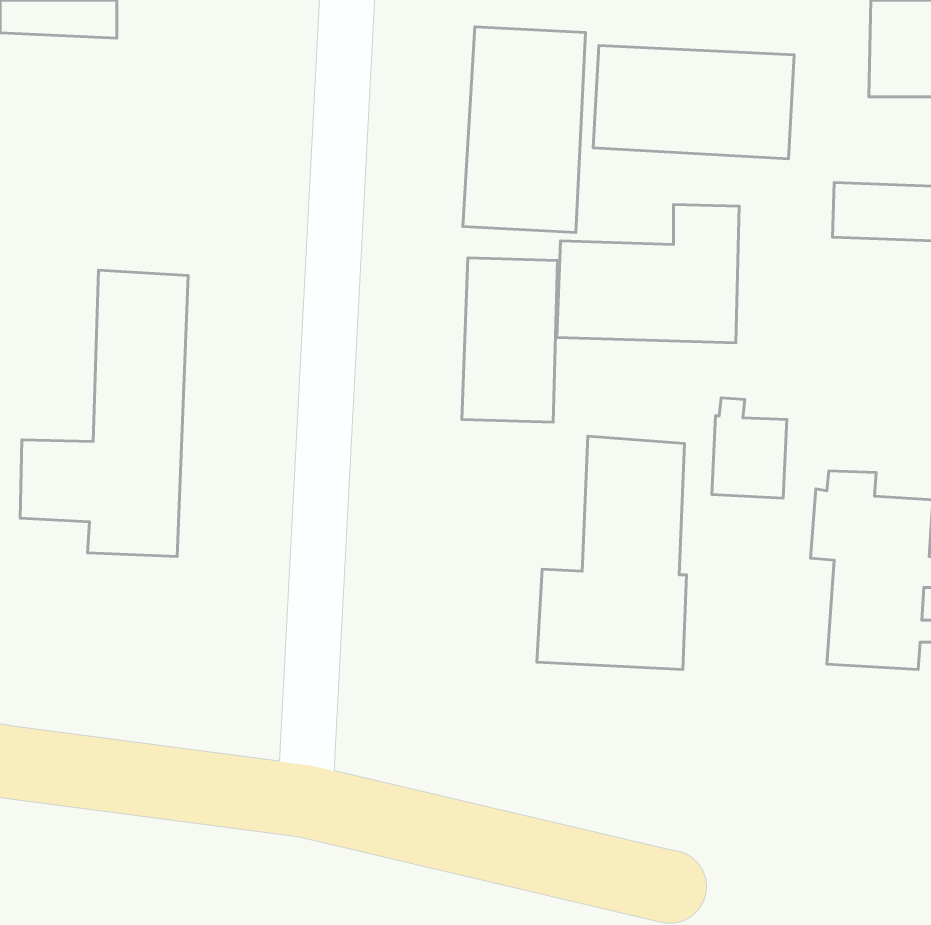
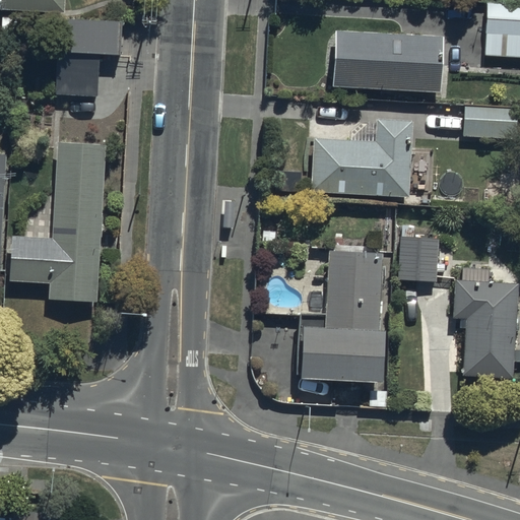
building: [463,27,586,233] -> none
building: none -> [57,34,124,107]
building: [462,258,558,422] -> none

